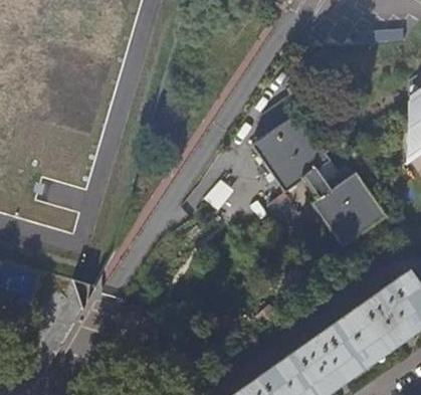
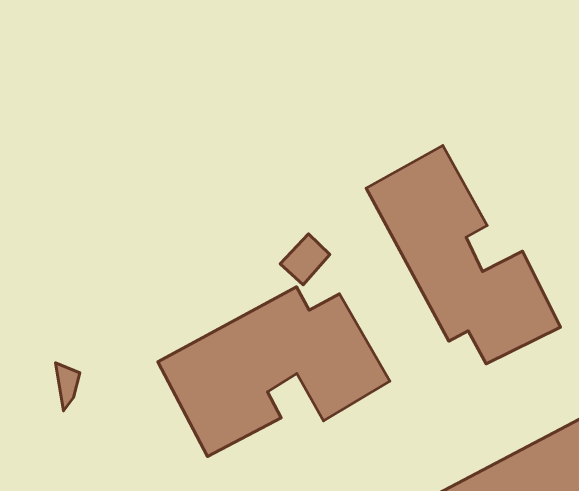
building: none -> [158,287,390,456]

